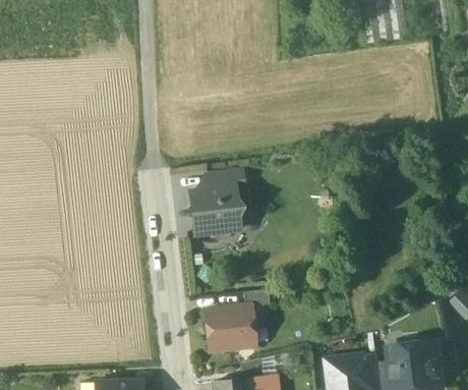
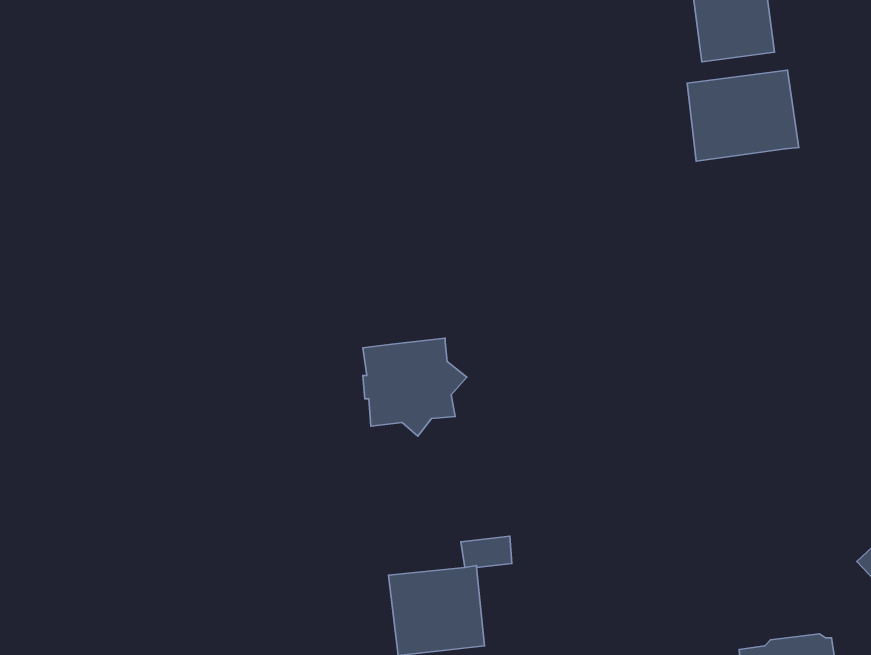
building: none -> [687,70,799,161]
building: [206,170,244,188] -> none

